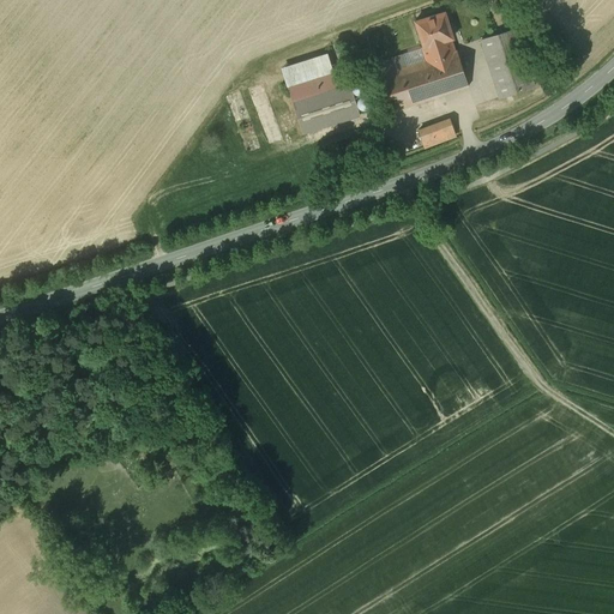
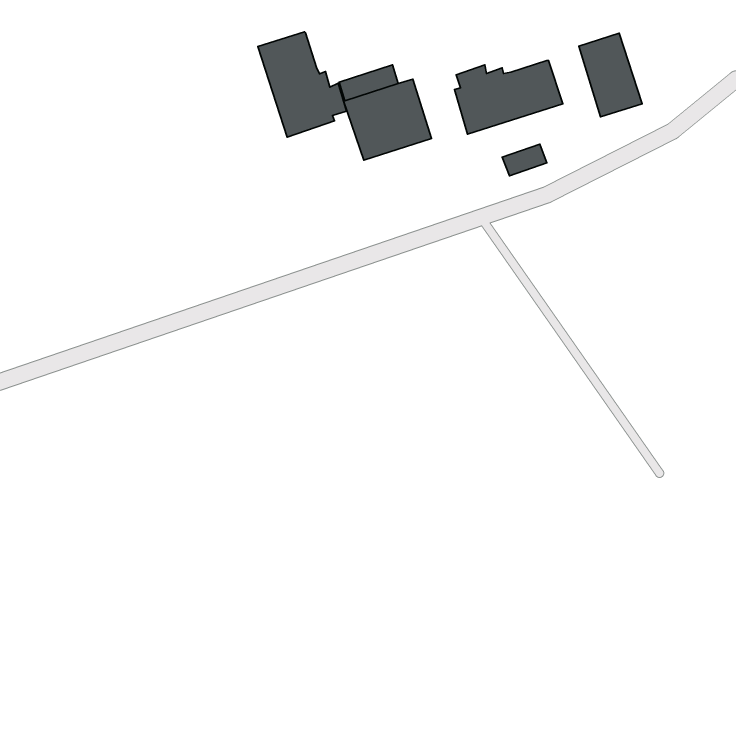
building: [414,11,455,60] -> none
building: none -> [258,32,346,137]

